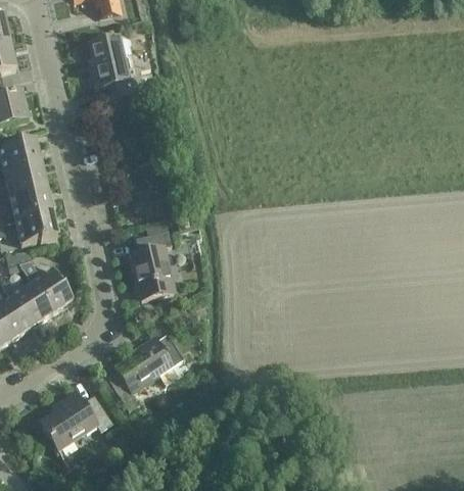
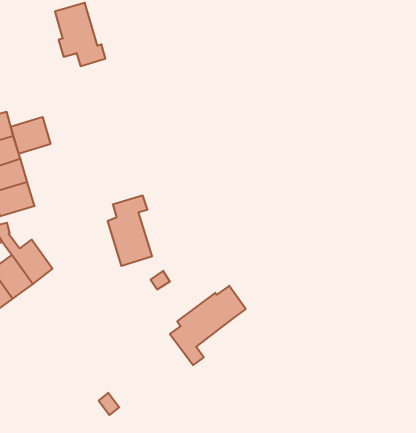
building: none -> [11,117,50,154]
building: [106,333,184,410] -> [170,286,246,365]
building: [40,391,111,448] -> none

